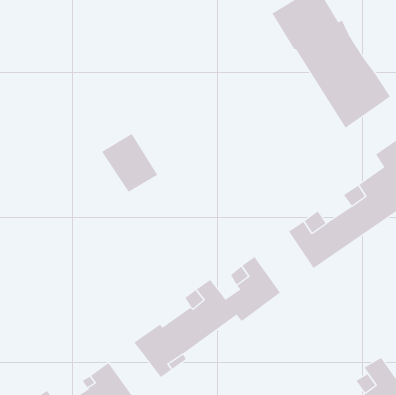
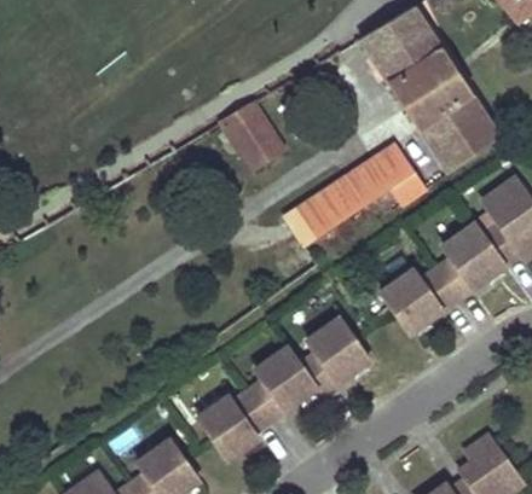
building: none -> [284,141,424,244]
building: [101,133,158,192] -> [220,99,287,168]

